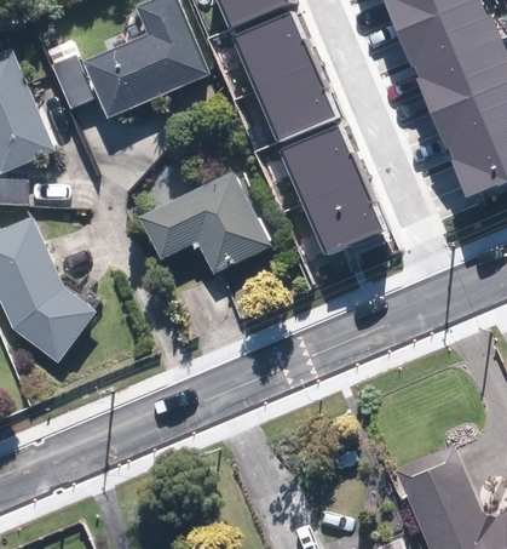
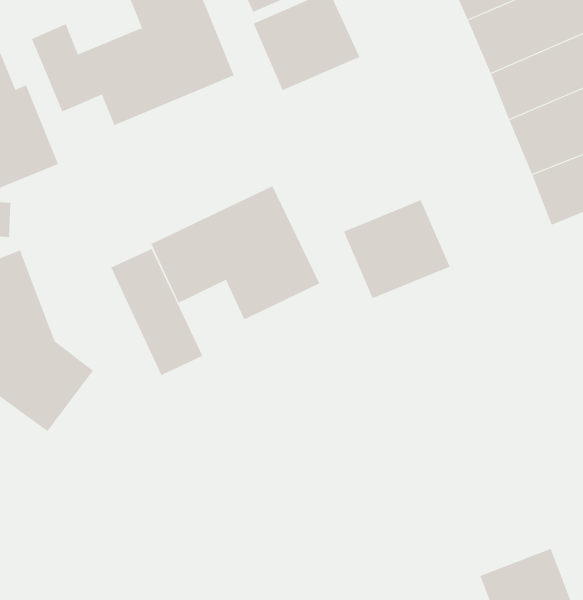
building: [248,65,333,145] -> none
building: [273,125,358,204] -> none
building: none -> [111,248,203,376]

